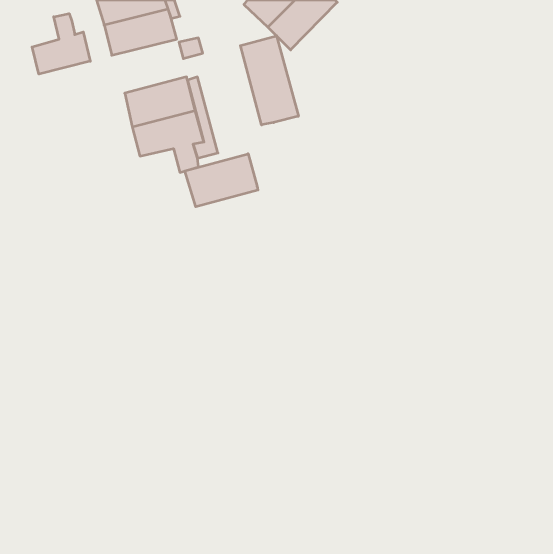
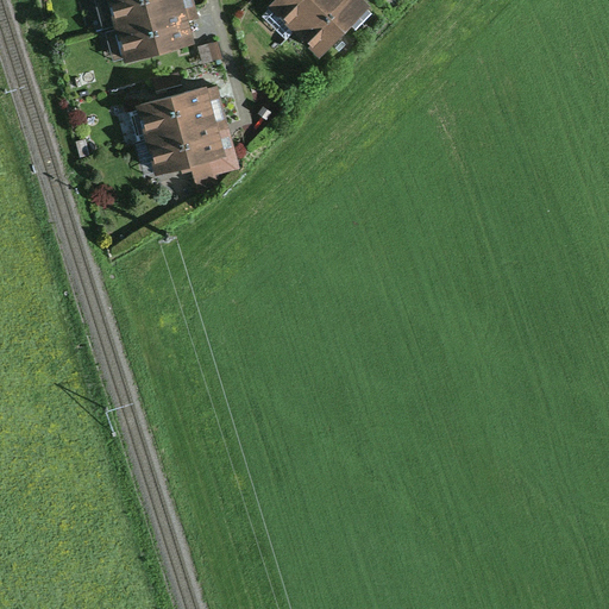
building: [32,14,90,74] -> none
building: [240,36,298,125] -> none
building: [185,154,258,207] -> none

